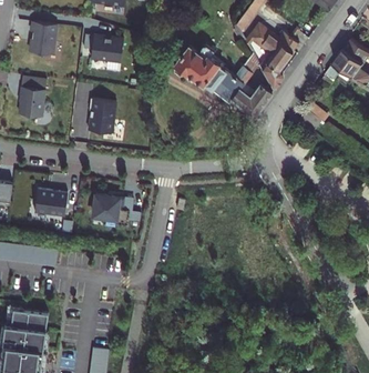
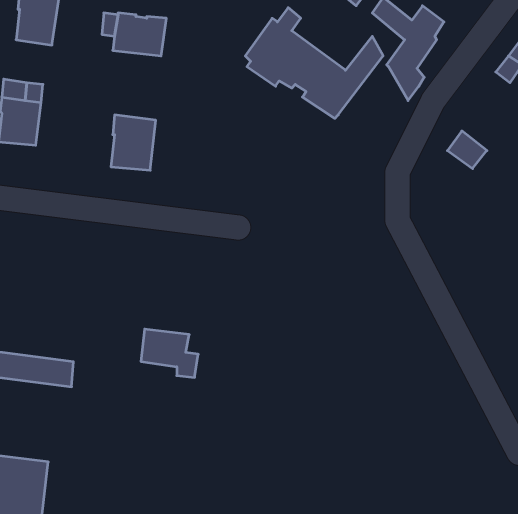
building: [228,61,270,113] -> none
building: [34,189,68,215] -> none
building: [93,195,129,225] -> [141,329,198,377]

